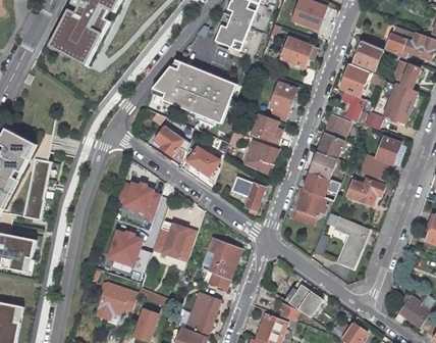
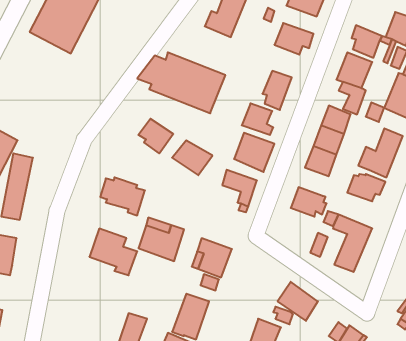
building: [303,173,332,199] -> none
building: [96,281,138,317] -> none

